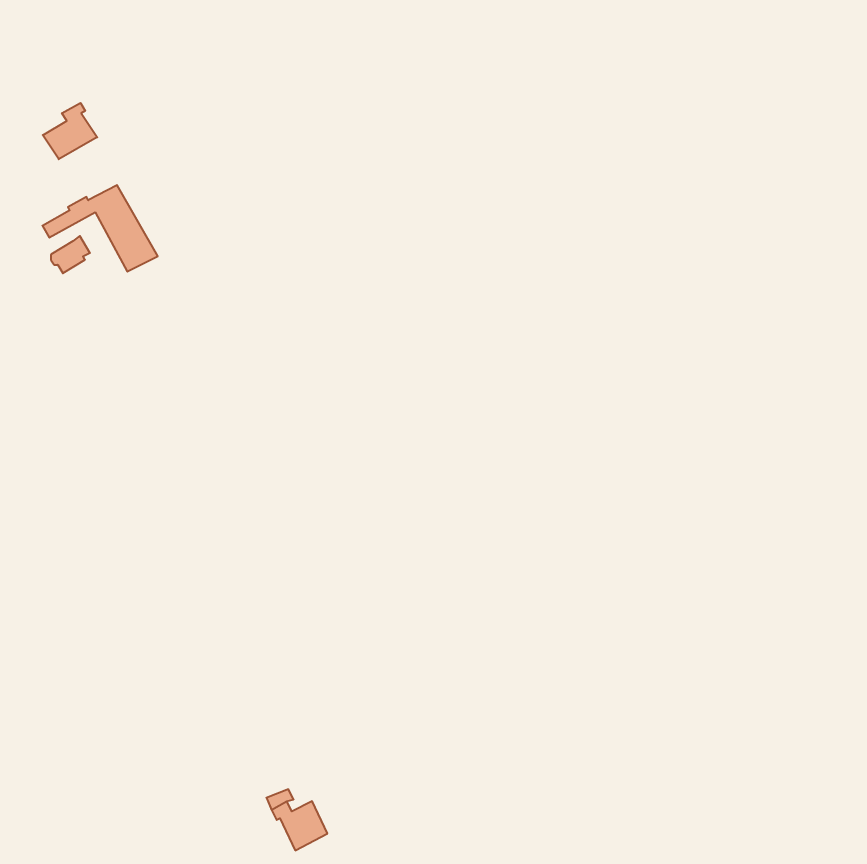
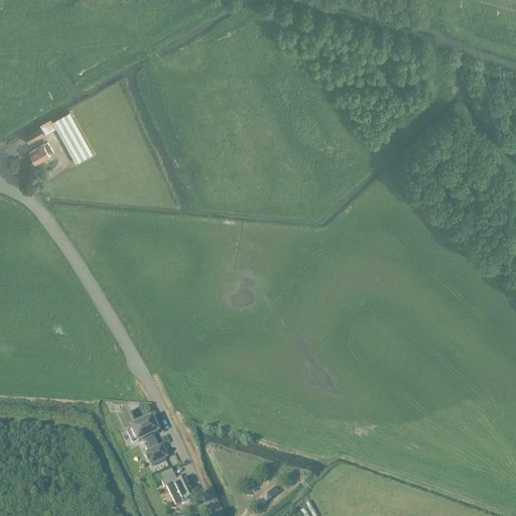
building: [43,103,97,159] -> none
building: none -> [127,416,166,464]

